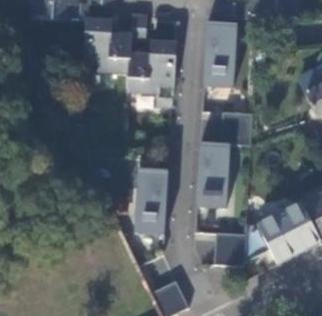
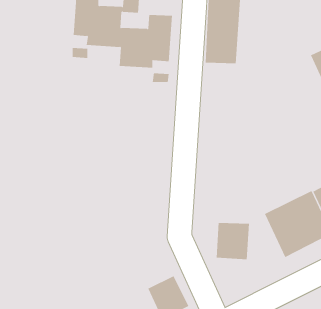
building: [197,111,252,208] -> none
building: [133,168,168,233] -> none

